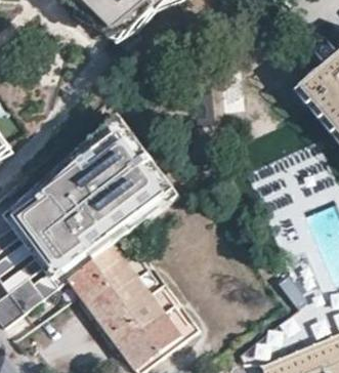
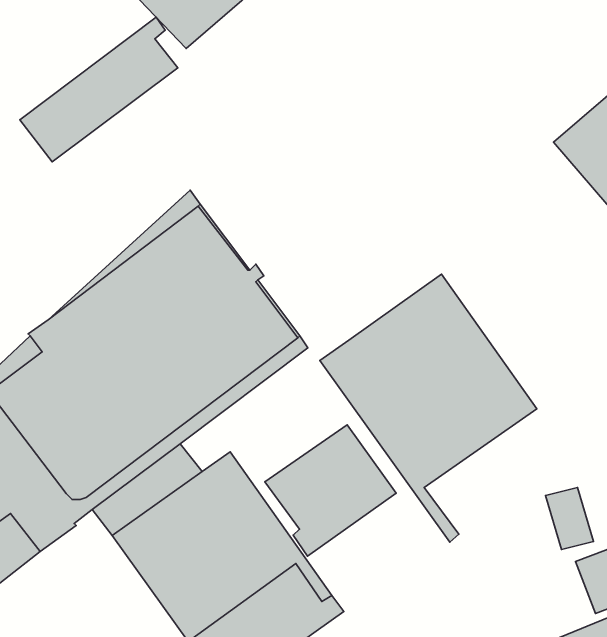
building: none -> [20,17,178,162]
building: none -> [320,274,537,542]
building: none -> [265,425,396,556]

